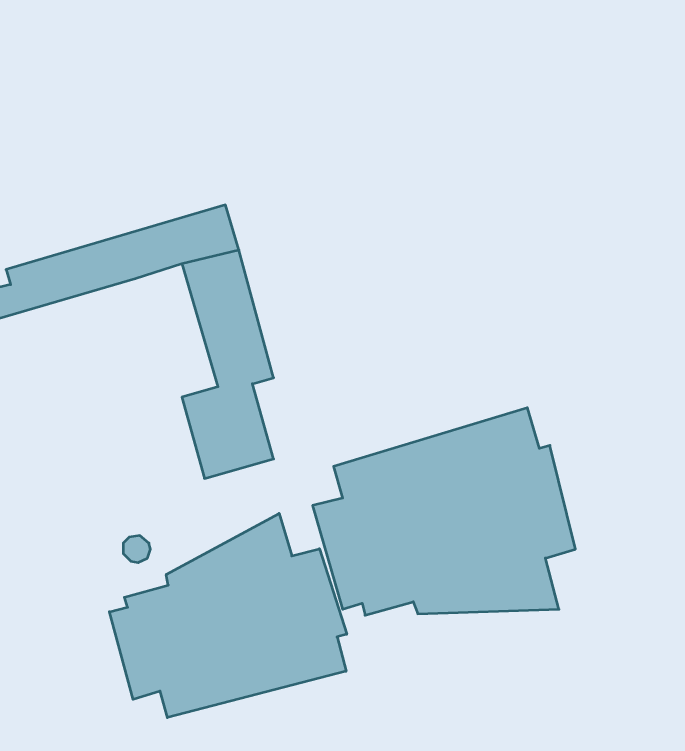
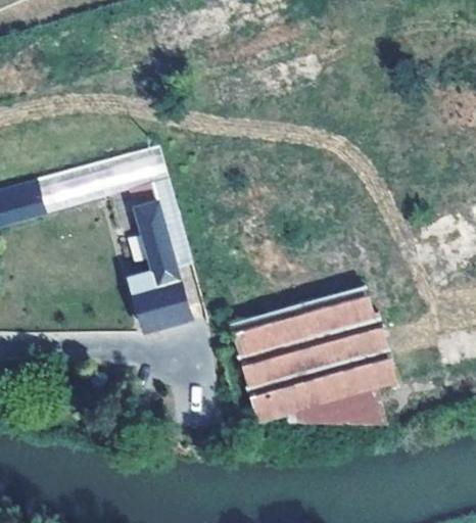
building: [109,513,347,718] -> none

